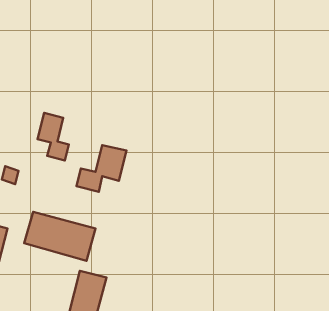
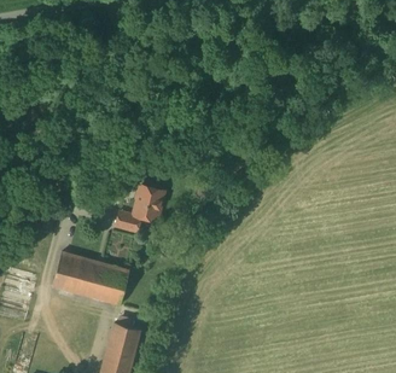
building: [38,113,69,160] -> none

